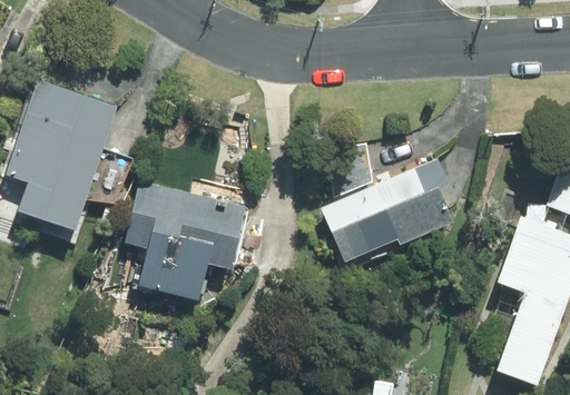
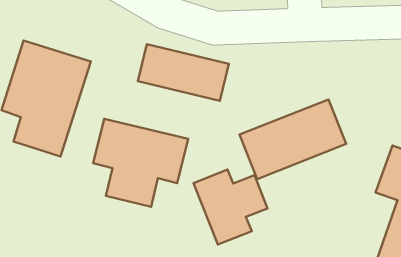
building: none -> [138,44,229,101]
building: none -> [194,170,268,245]

